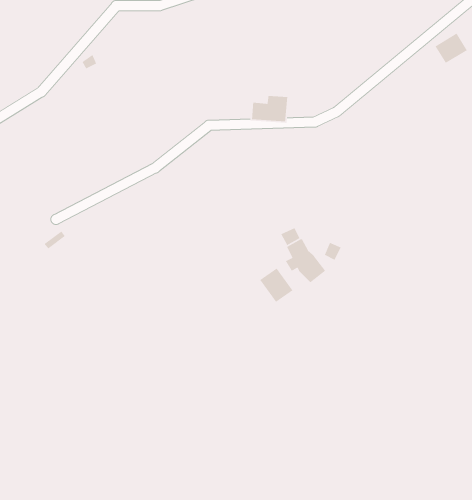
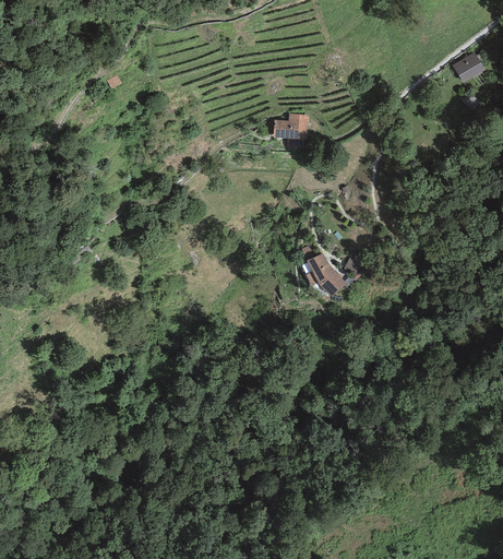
building: [259,268,293,303] -> none

